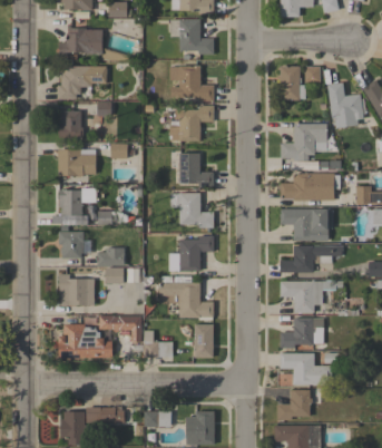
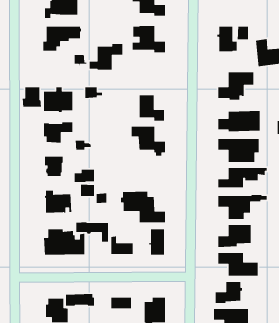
building: [169,106,213,140] -> [89,43,123,70]
building: [58,110,84,137] -> [22,86,42,107]
building: [168,235,214,270] -> none

